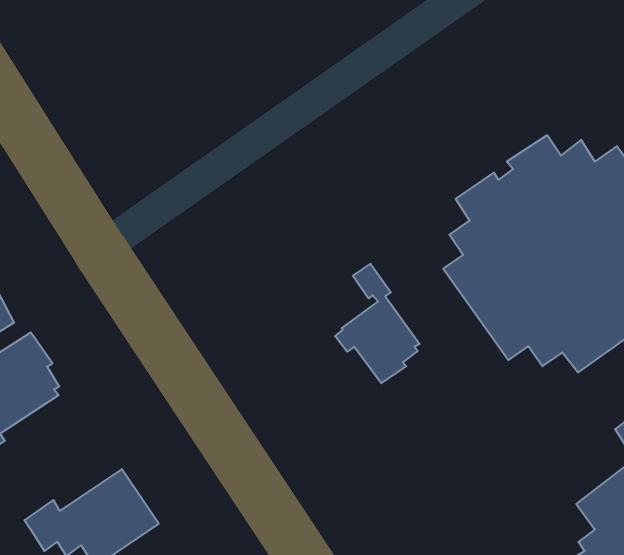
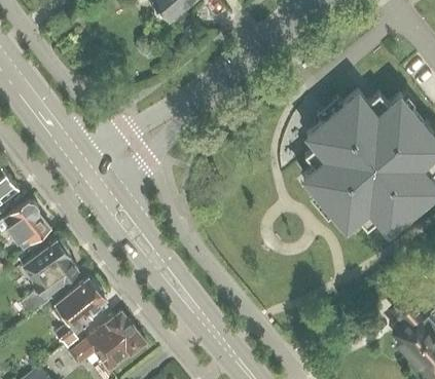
building: [335,264,420,383] -> none
building: none -> [56,275,109,345]

